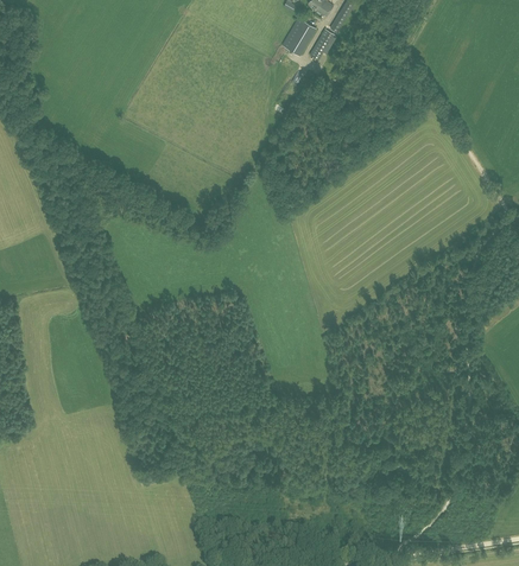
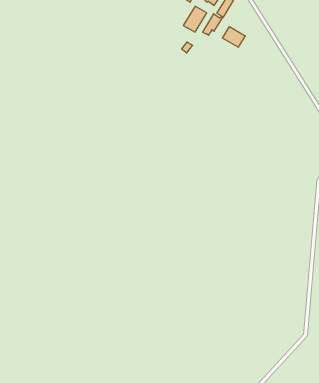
building: none -> [222,27,245,47]

